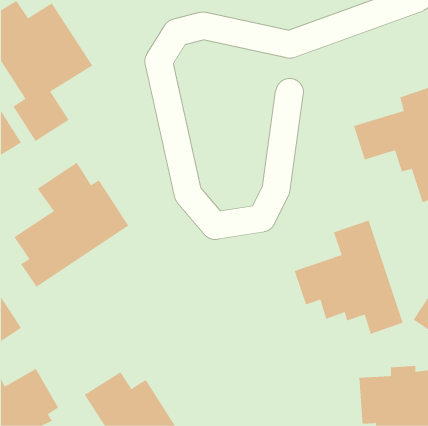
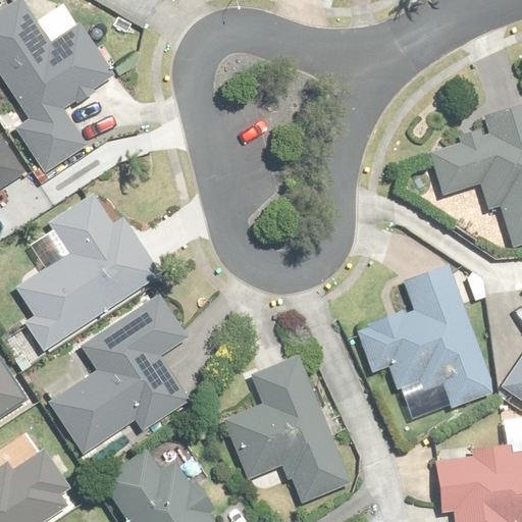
building: none -> [51,295,188,453]
building: none -> [223,358,350,504]

